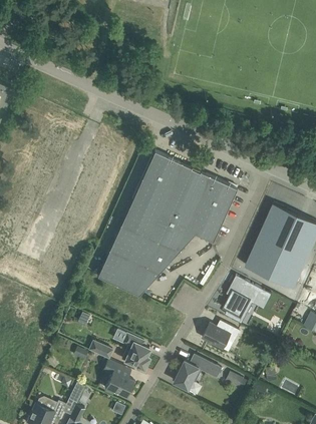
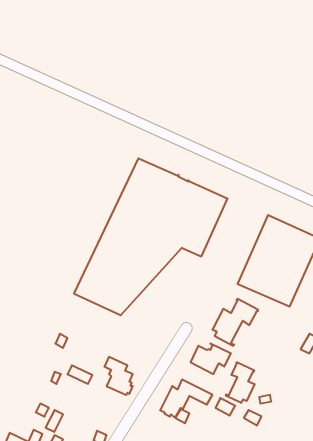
building: none -> [226,362,255,403]
building: [103,360,134,395] -> none

